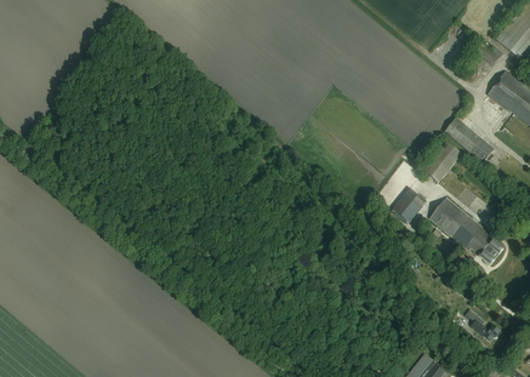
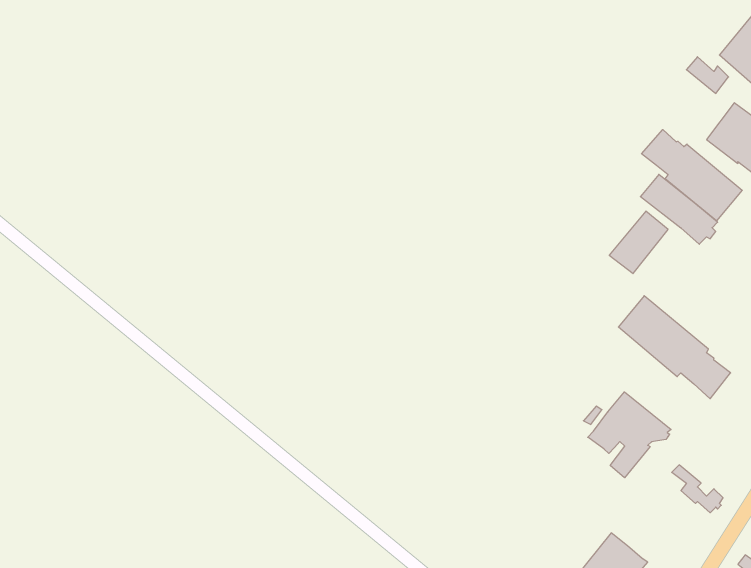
building: none -> [642,130,742,221]
building: [391,185,427,223] -> none
building: none -> [588,392,671,478]

